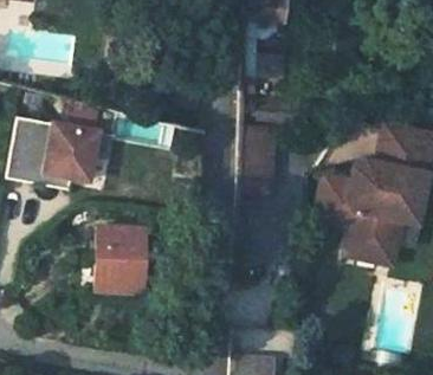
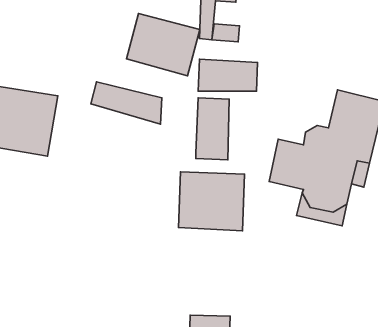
building: none -> [127,13,200,76]
building: none -> [178,172,244,231]
building: [97,224,142,290] -> none

